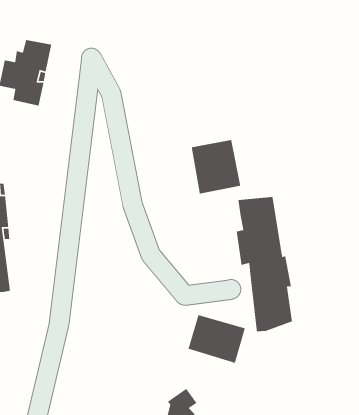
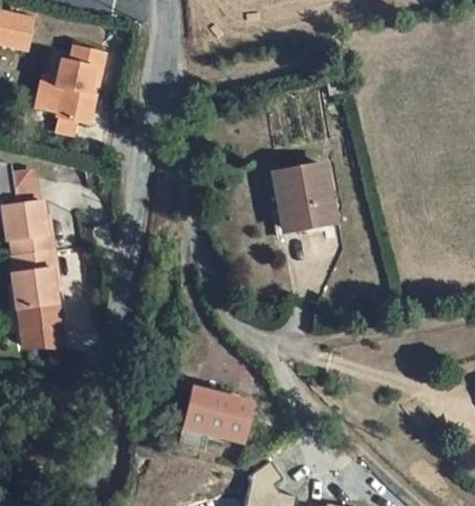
building: [236,196,293,332] -> none
building: [187,314,246,364] -> [184,386,253,445]

